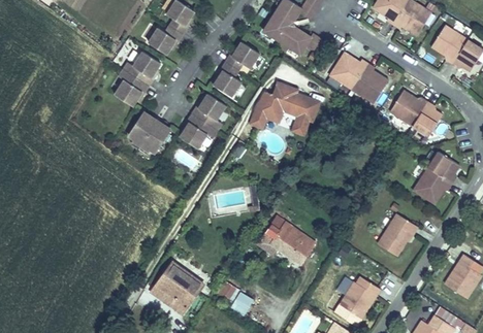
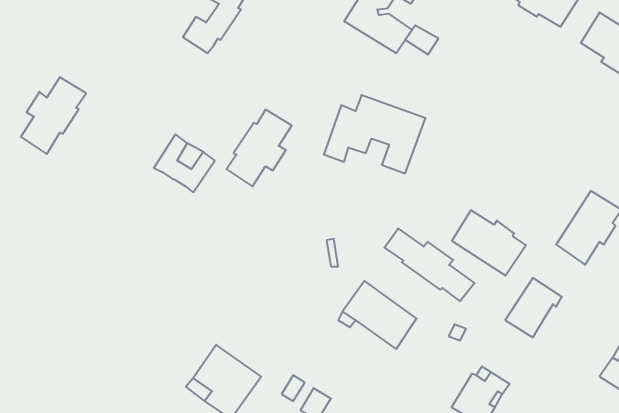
building: [213,41,259,96] -> none
building: [114,52,160,106] -> [21,77,86,154]
building: [329,53,388,103] -> none
building: [389,90,442,136] -> [452,210,526,276]
building: none -> [384,228,475,301]

